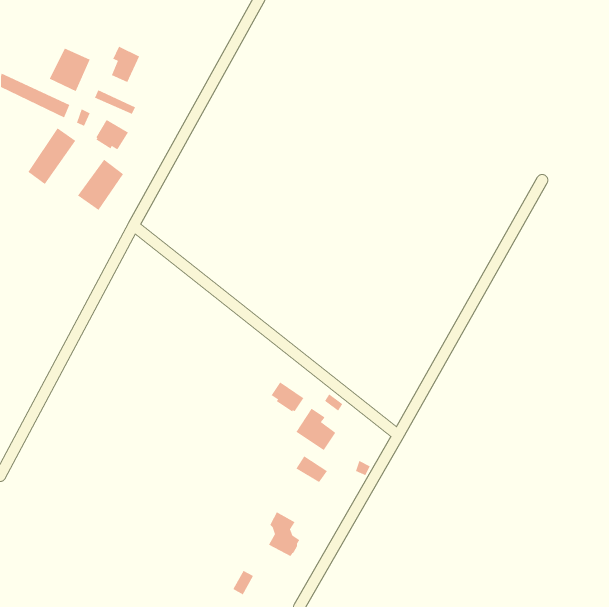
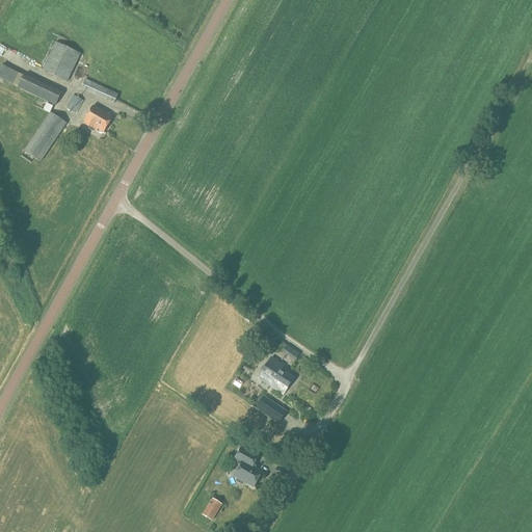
building: [111,46,140,83] -> none
building: [77,159,124,211] -> none
building: [271,381,304,412] -> none

